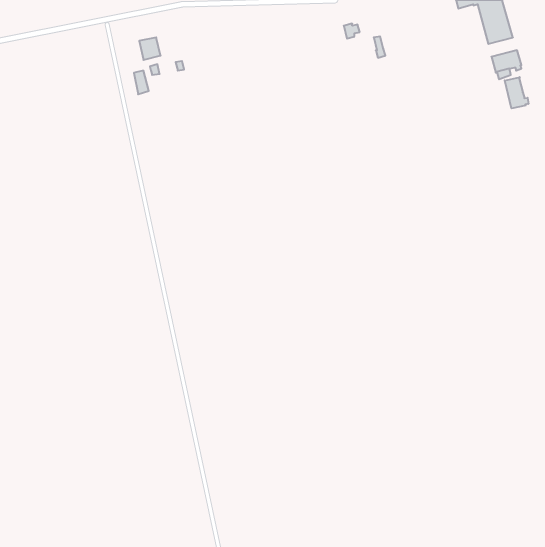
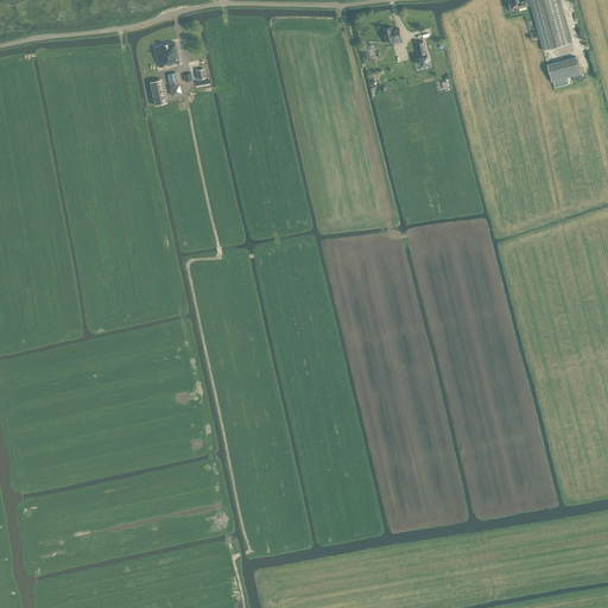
building: [505,77,528,108] -> none

